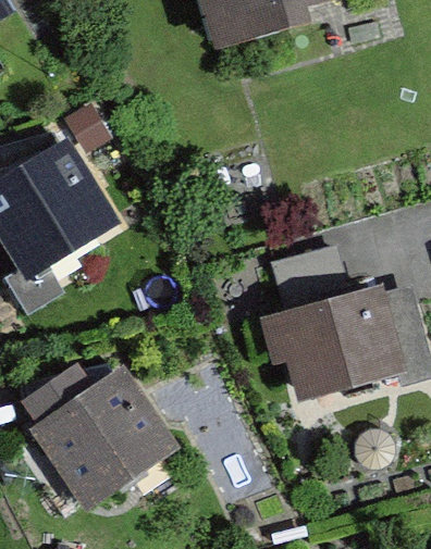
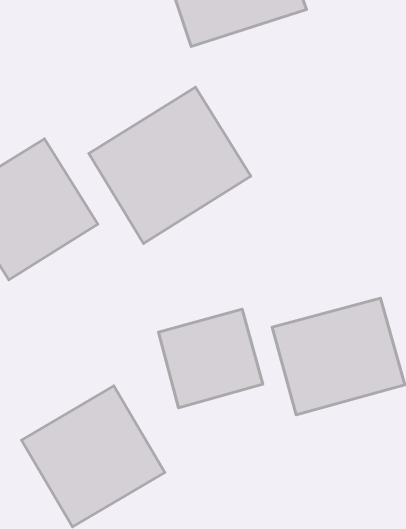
building: none -> [89,87,251,243]
building: none -> [159,309,263,408]

